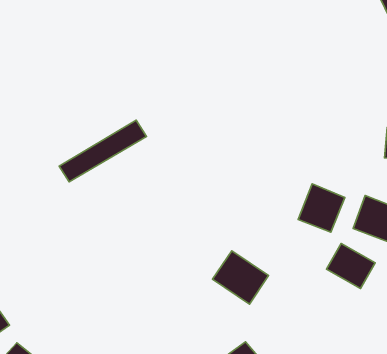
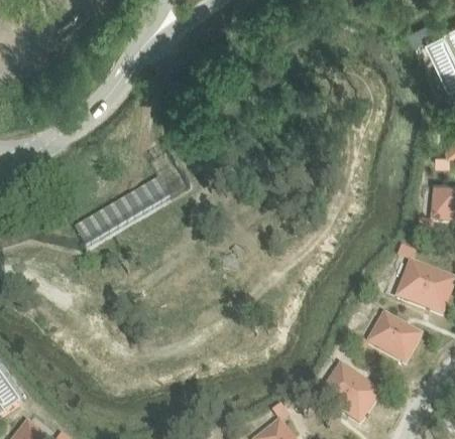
building: [298,184,345,232] -> none
building: [213,251,269,304] -> [319,362,380,421]

